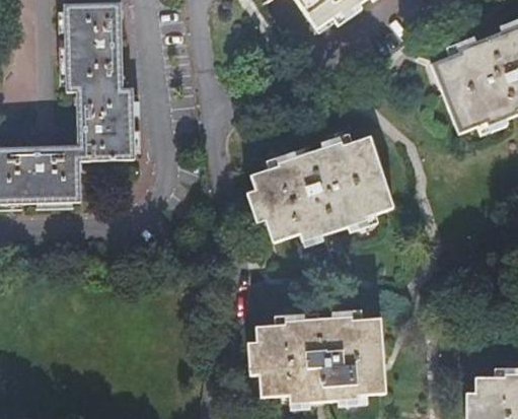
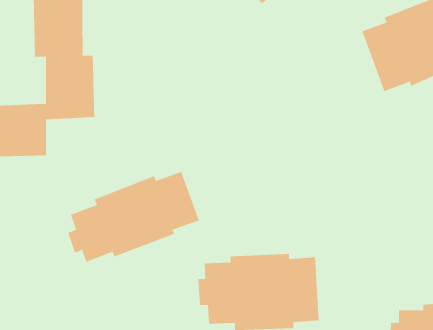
building: [246,135,389,240] -> none
building: none -> [68,171,199,262]

